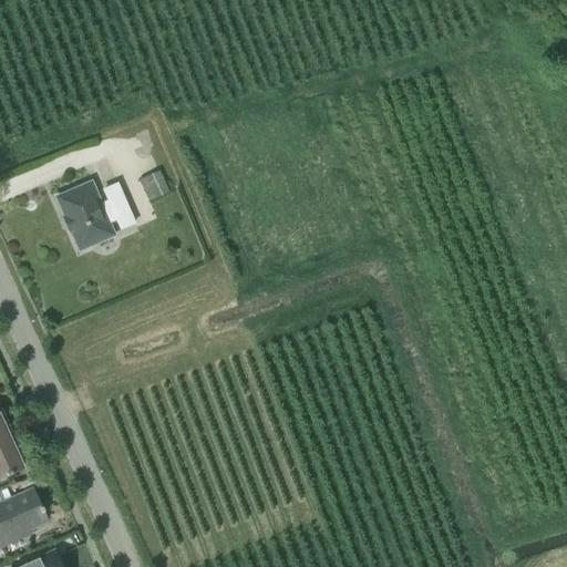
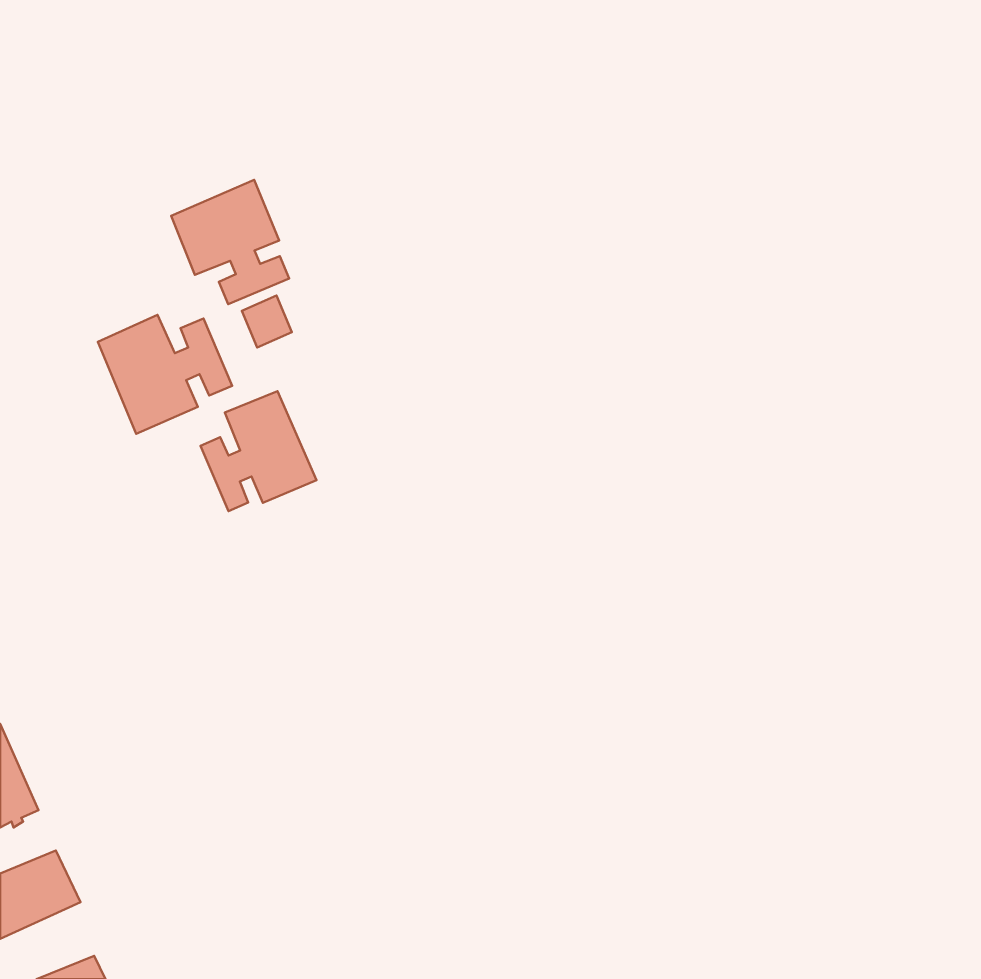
building: none -> [171,180,289,304]
building: none -> [200,391,317,511]

